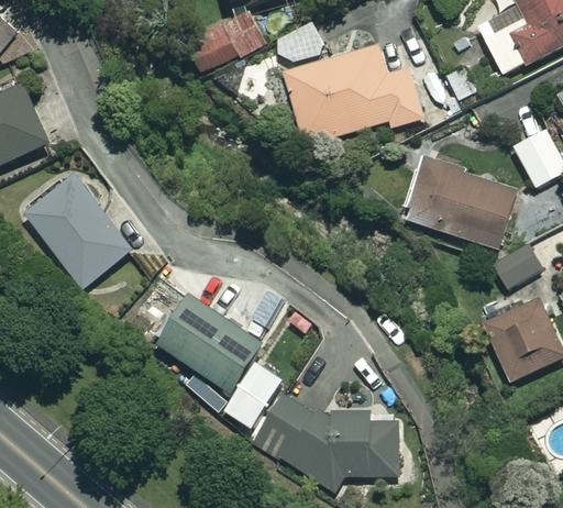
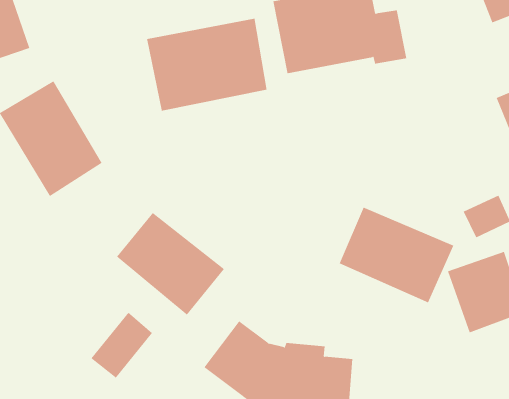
building: none -> [146,18,267,112]
building: [406,161,518,250] -> [339,207,454,303]
building: [220,361,279,428] -> [90,312,153,379]

